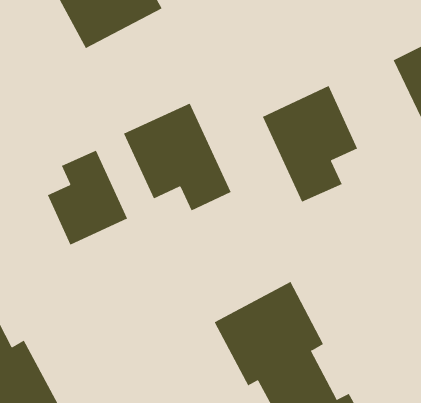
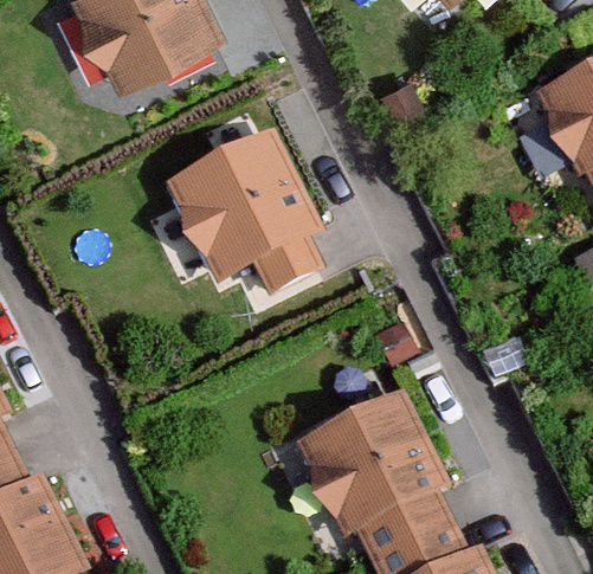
building: [262,85,358,203] -> none
building: [47,150,128,246] -> none

